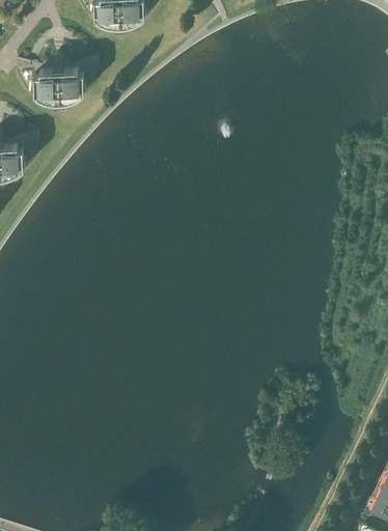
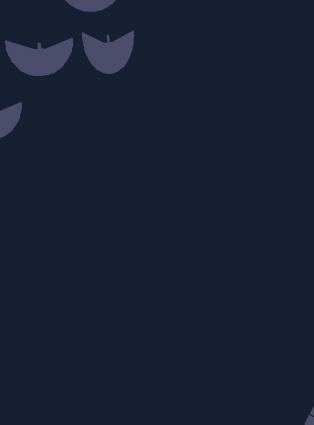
building: none -> [81,29,135,75]

